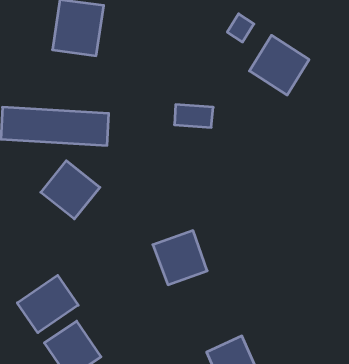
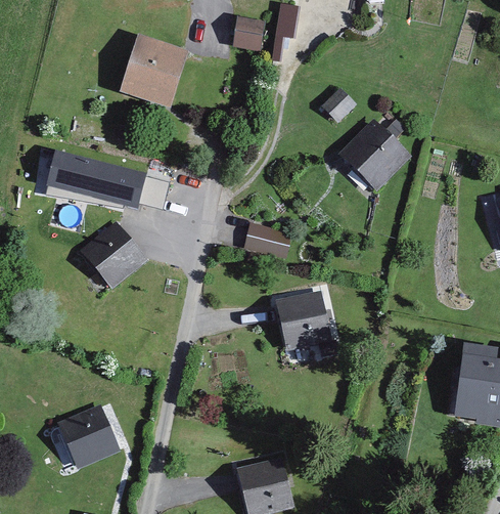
building: [174,105,213,127] -> [242,222,289,255]
building: [153,231,207,285] -> [274,290,330,346]
building: [17,275,78,333] -> none

